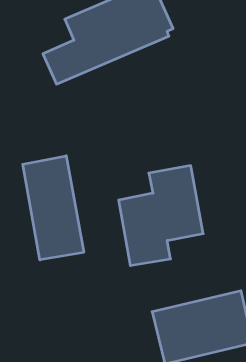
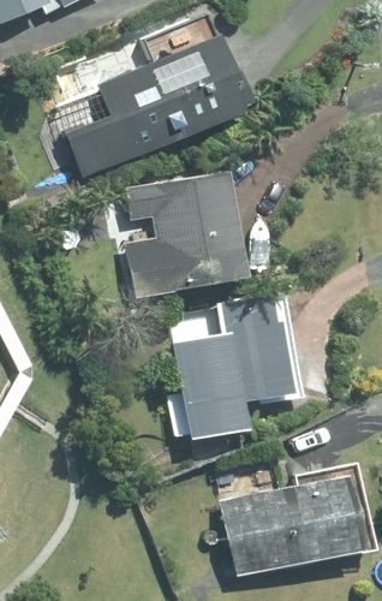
building: none -> [127,169,247,294]
building: [23,156,84,260] -> none

